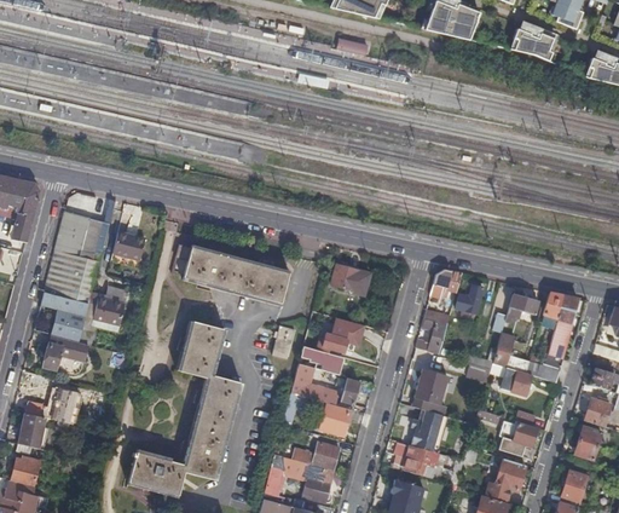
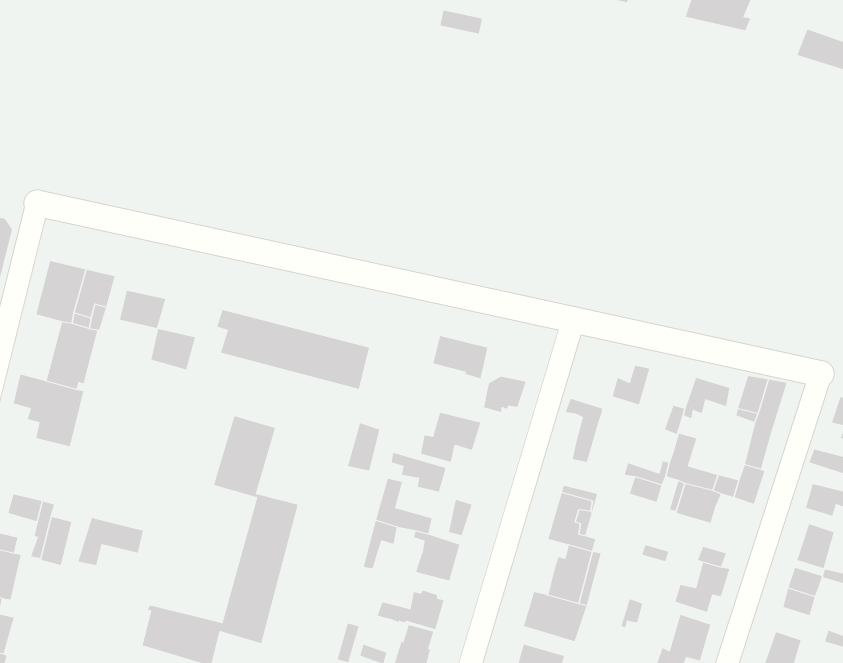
building: [45,250,74,296] -> none
building: [432,270,462,295] -> [483,376,527,413]
building: [94,296,126,325] -> [150,329,196,370]
building: [44,335,89,369] -> [78,517,144,565]

